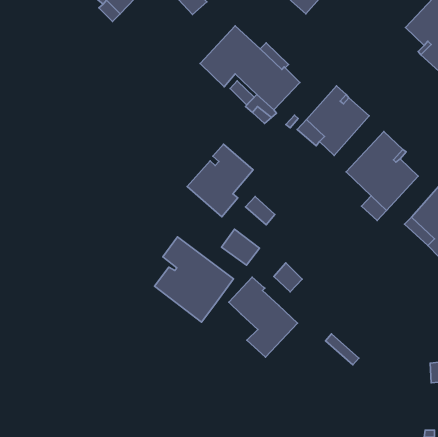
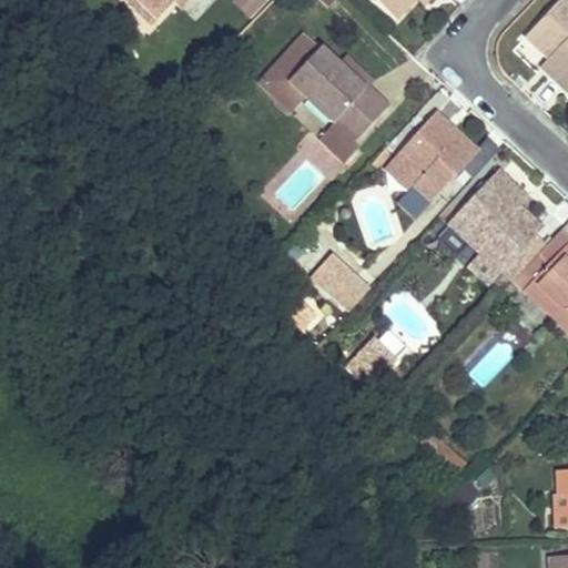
building: [187,144,253,217] -> none
building: [155,237,233,322] -> none
building: [229,277,298,357] -> none

